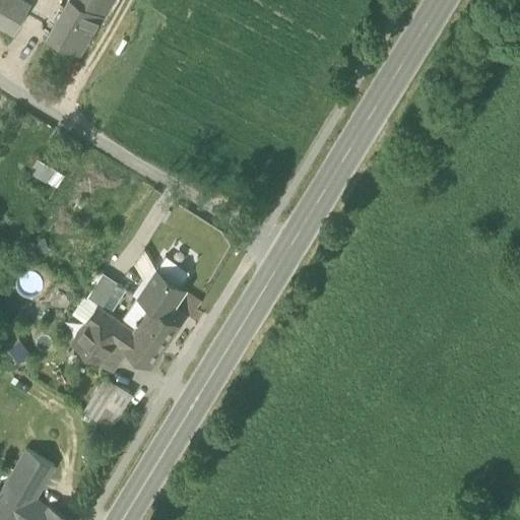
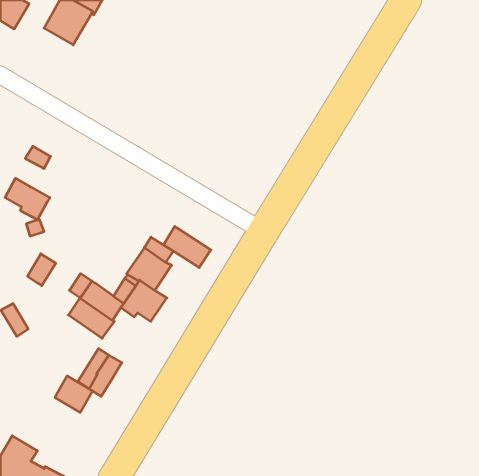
building: none -> [5,178,50,220]
building: none -> [163,226,211,268]
building: [87,275,118,310] -> [28,254,56,286]
building: [122,336,164,370] -> none
building: [13,452,54,492] -> [55,376,92,412]

